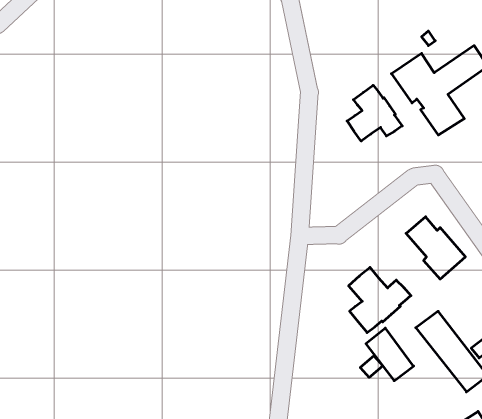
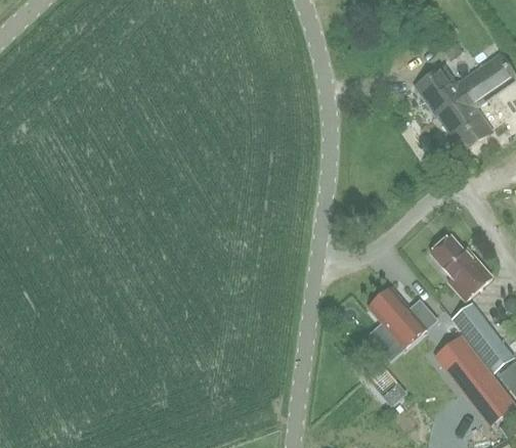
building: [347,85,402,141] -> none
building: [366,328,414,381] -> [451,301,502,356]

